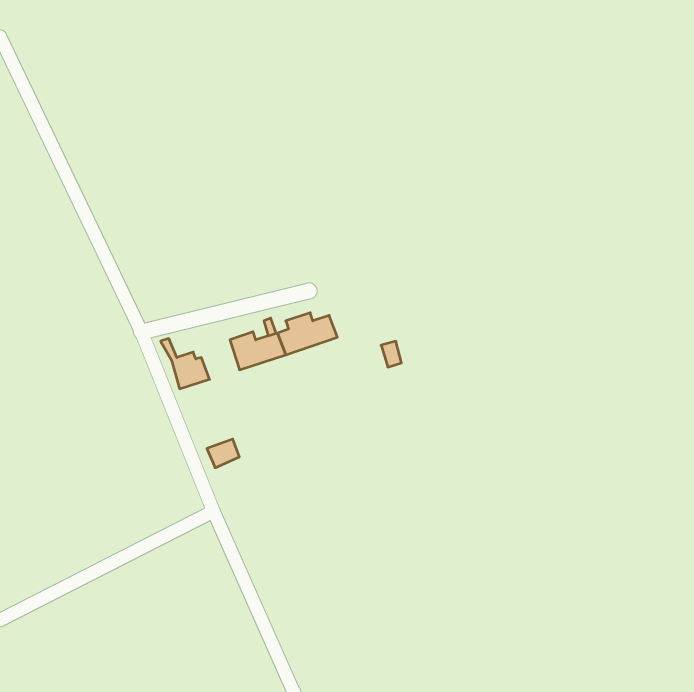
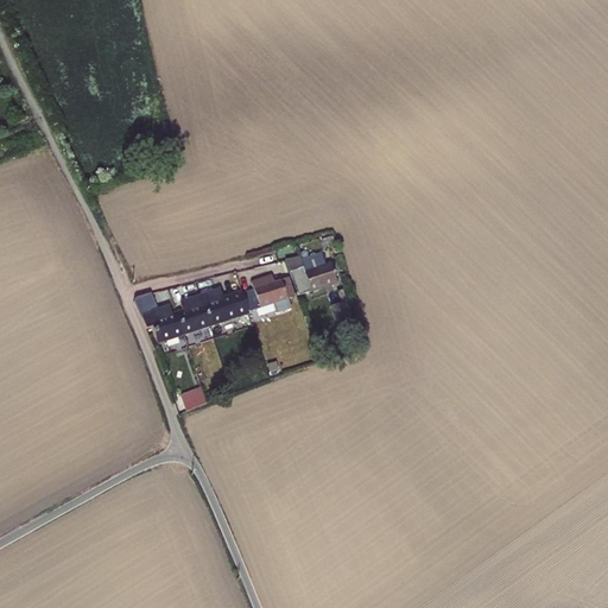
building: none -> [292,256,336,292]
building: none -> [177,297,210,331]

